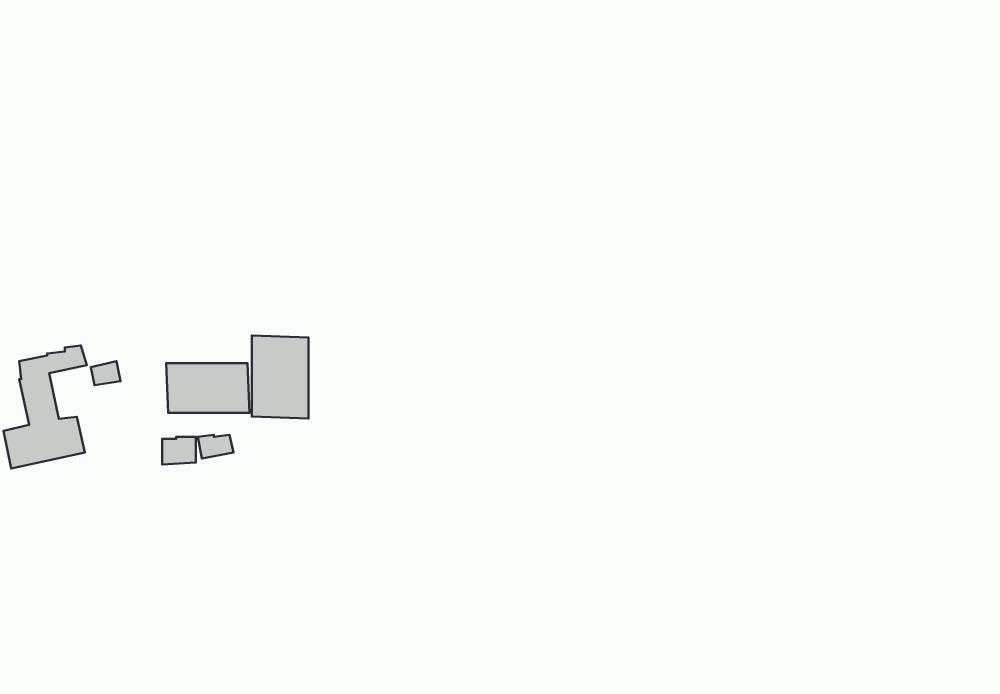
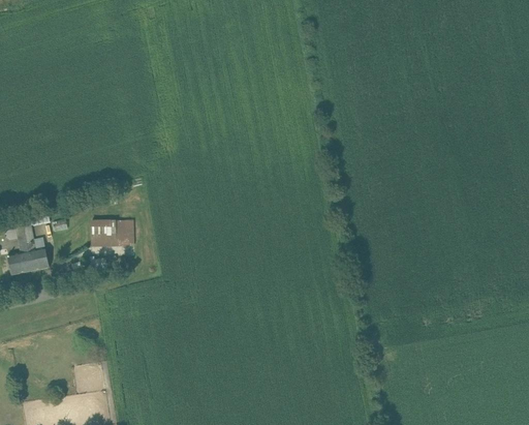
building: [252,336,309,418] -> none

